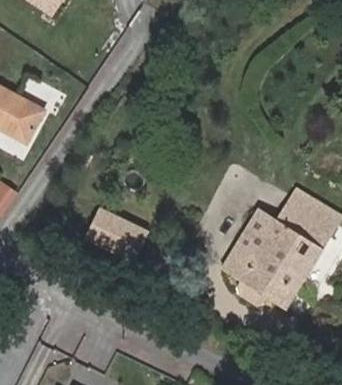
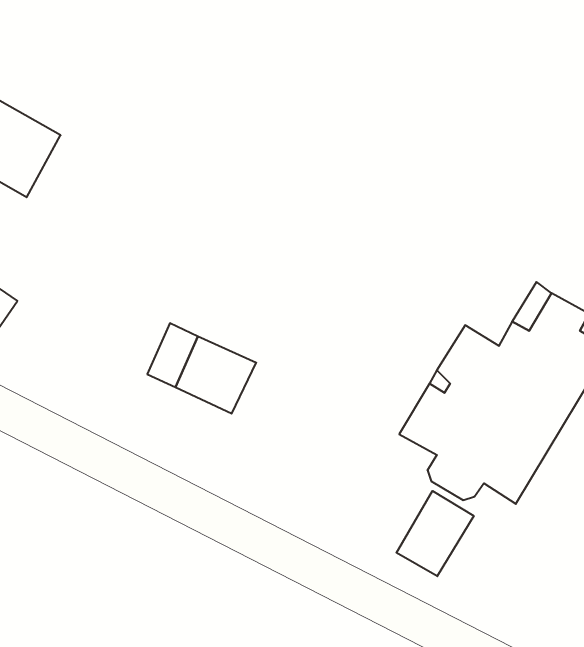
building: none -> [396,491,474,576]

